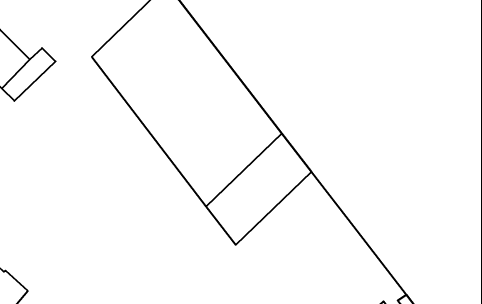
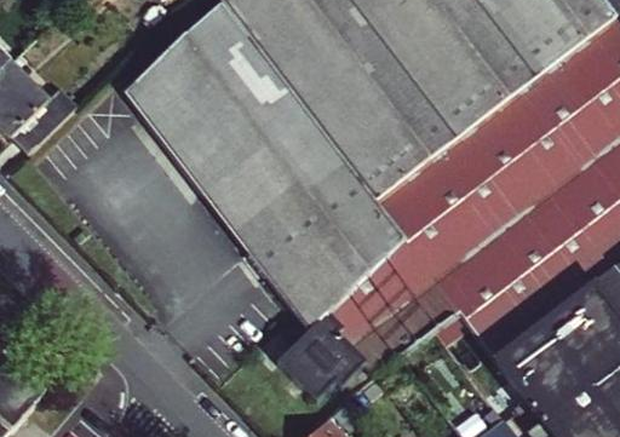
building: none -> [277,237,457,398]

